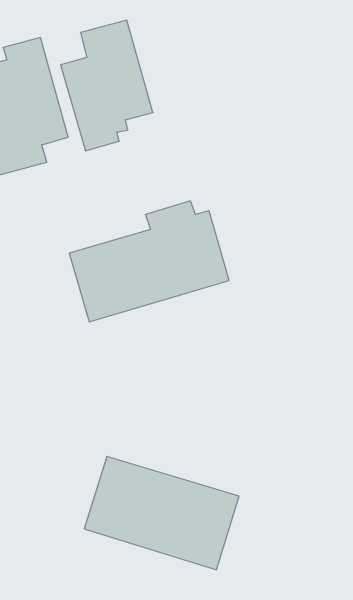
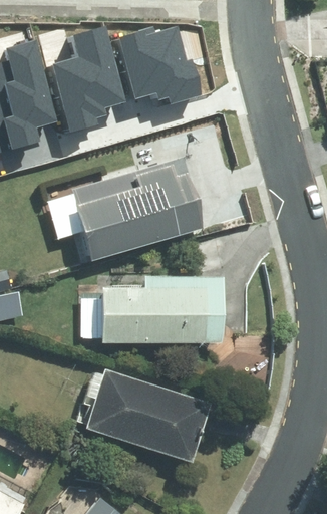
building: none -> [129,20,214,99]
building: none -> [89,268,219,344]

